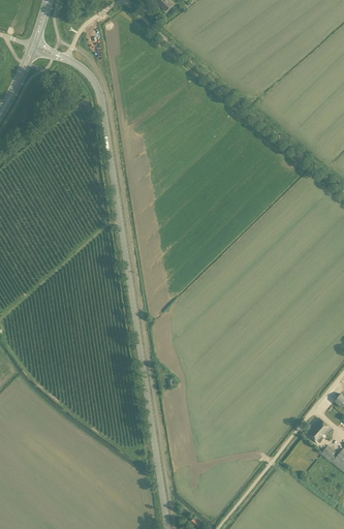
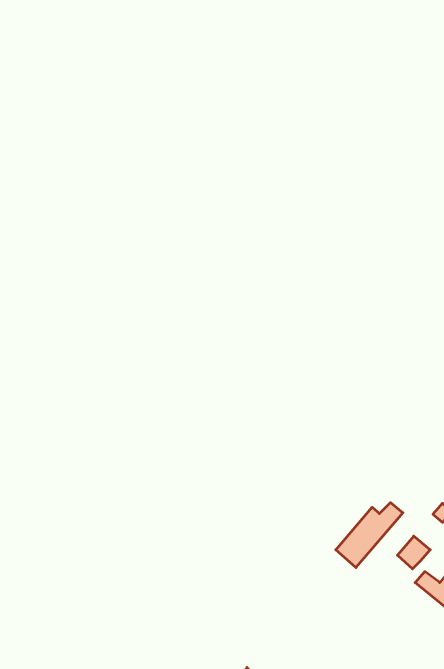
building: none -> [336,503,403,568]

